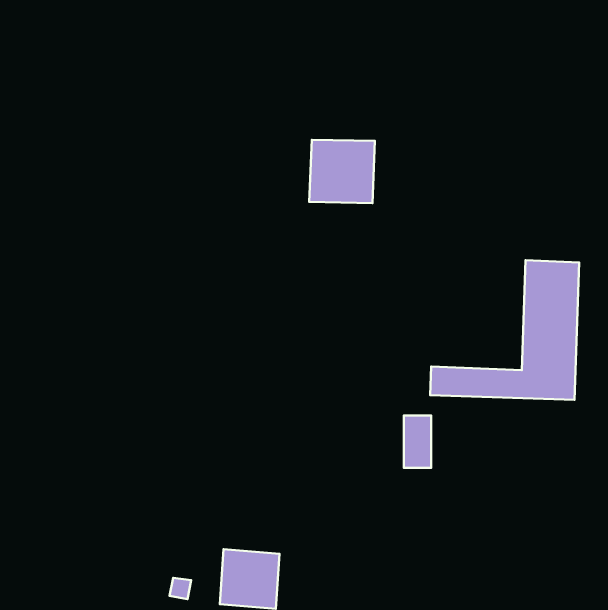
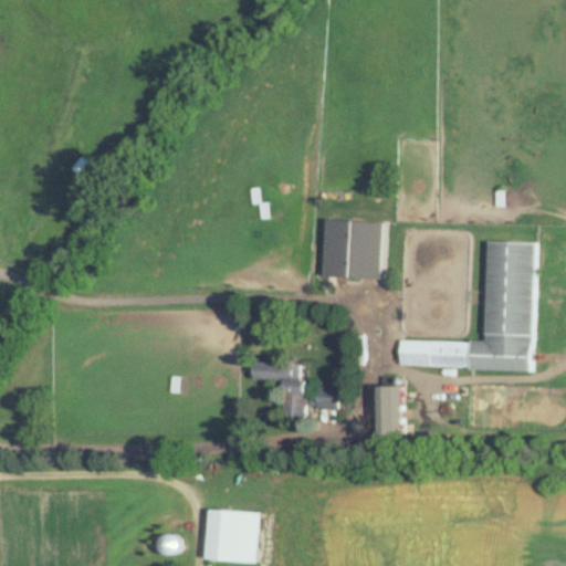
building: [309,140,375,203] -> [321,220,381,279]
building: none -> [251,361,338,419]

